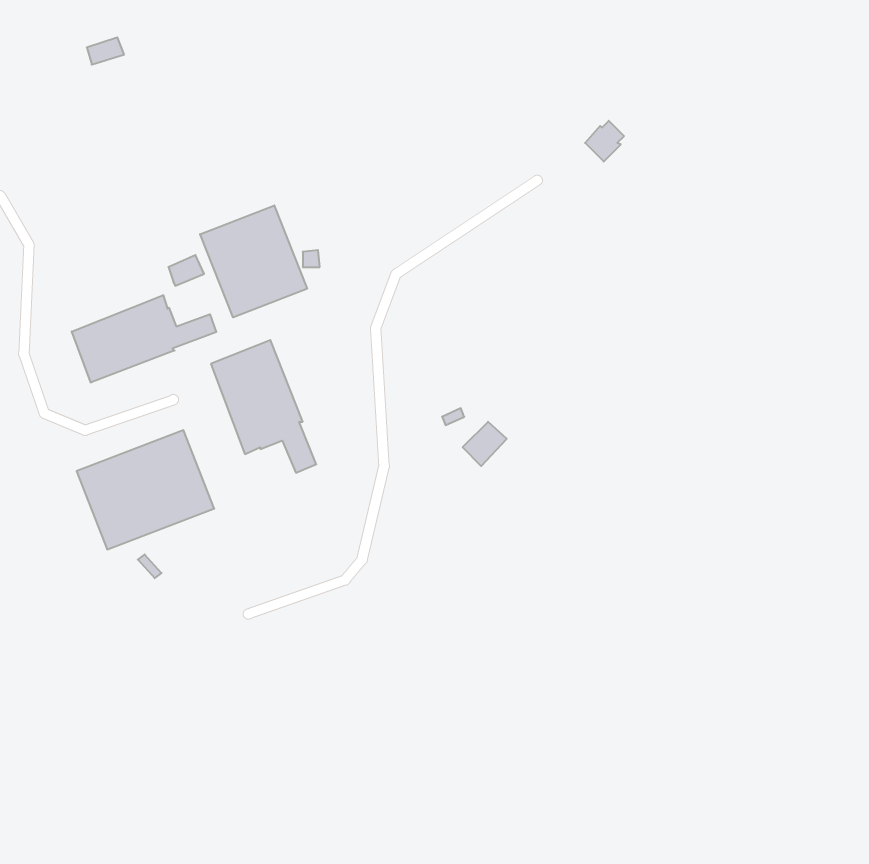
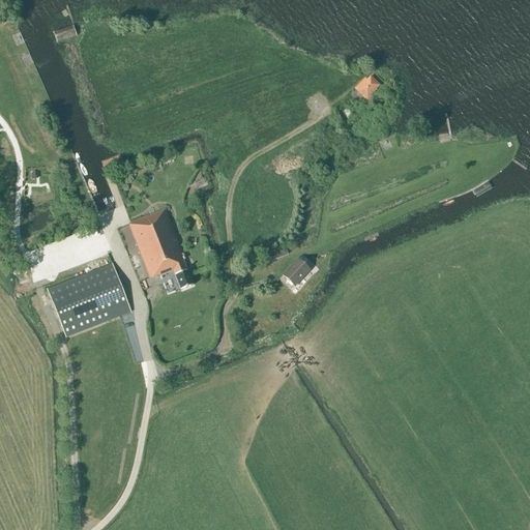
building: [200,205,307,317] -> none
building: [72,295,216,383] -> none

